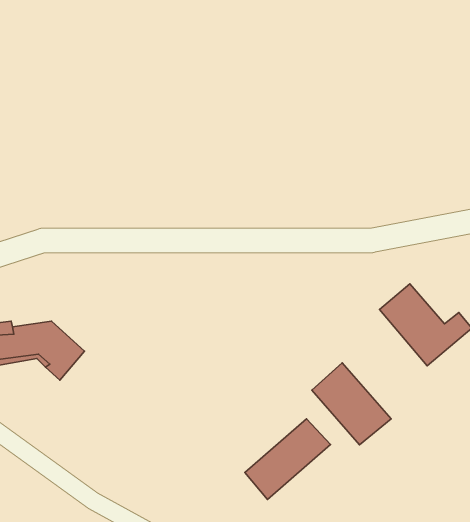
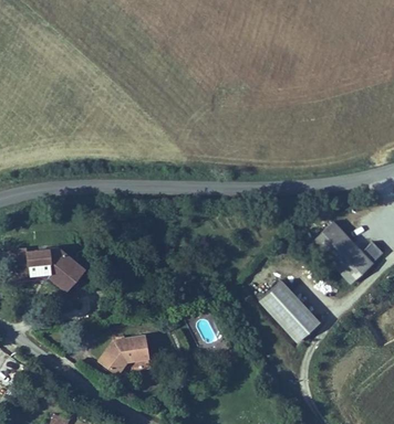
building: [245,419,331,500] -> none
building: none -> [97,335,149,378]

